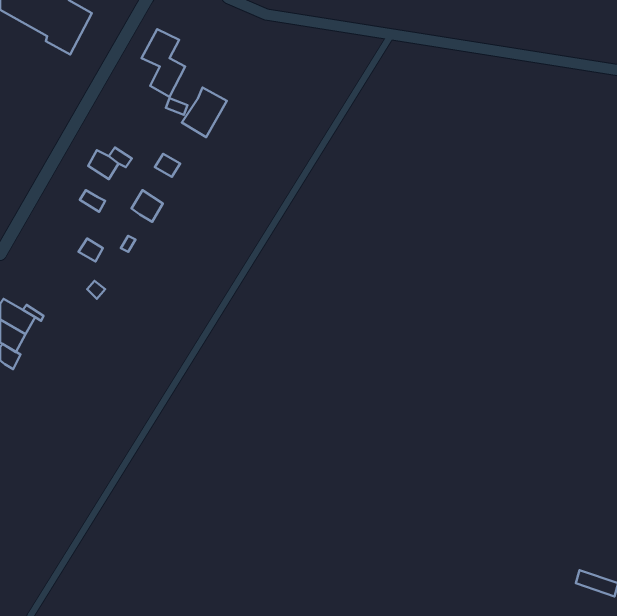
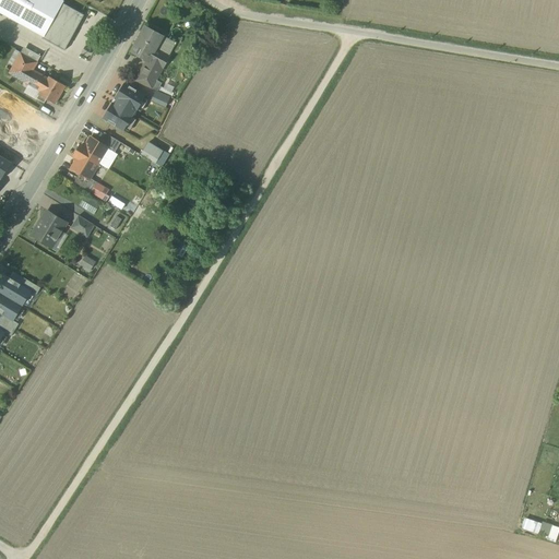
building: none -> [10,52,64,105]
building: [182,88,227,137] -> [105,79,145,123]
building: [131,190,163,222] -> [71,150,99,178]
building: none -> [29,209,67,247]

